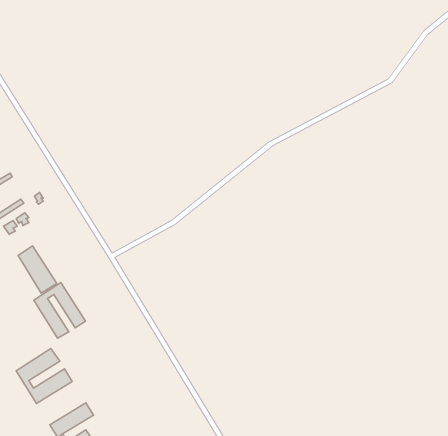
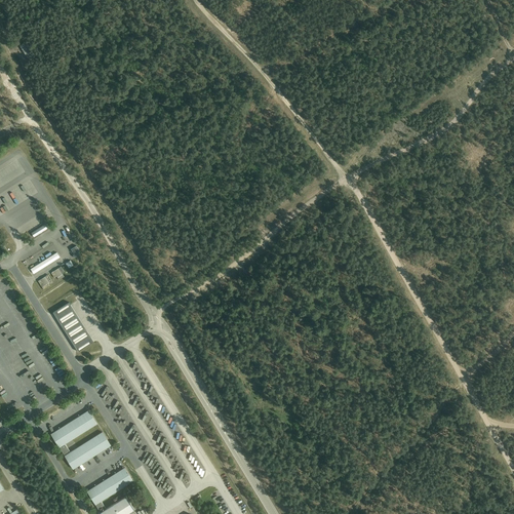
building: [34,283,86,338] -> none

